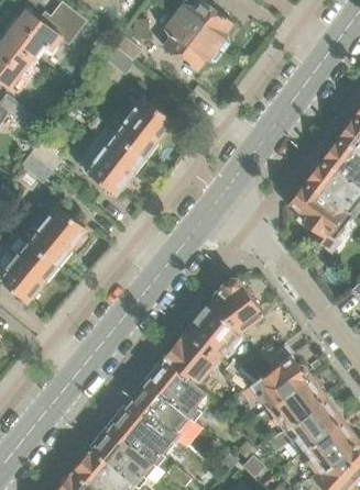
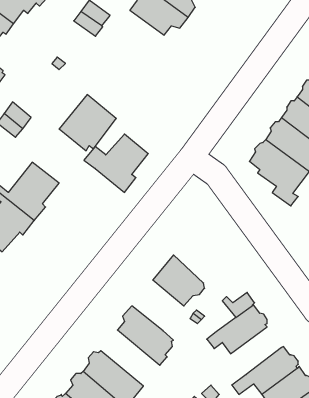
building: [103,98,172,159] -> [84,134,148,192]
building: [207,277,264,333] -> none
building: [163,330,218,383] -> none
building: [268,377,323,430] -> none
building: [130,382,193,442] -> none

